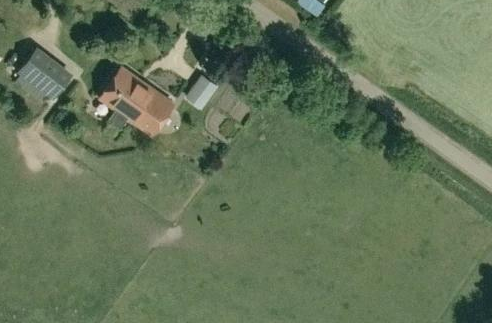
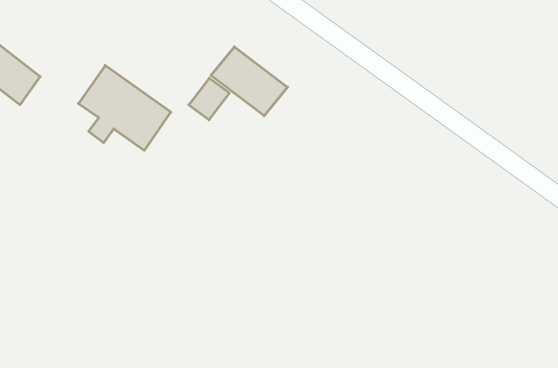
building: none -> [211,47,288,116]

